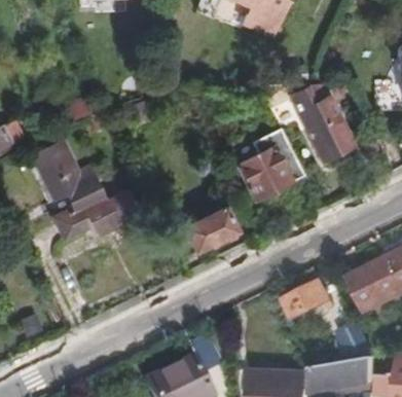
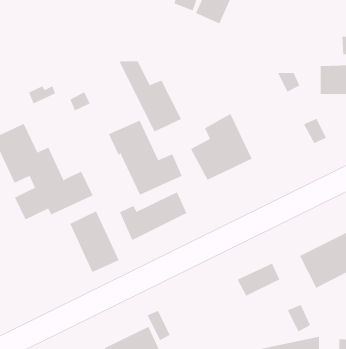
building: [286,85,352,159] -> [118,61,182,132]
building: none -> [108,120,183,195]
building: none -> [70,211,119,273]

